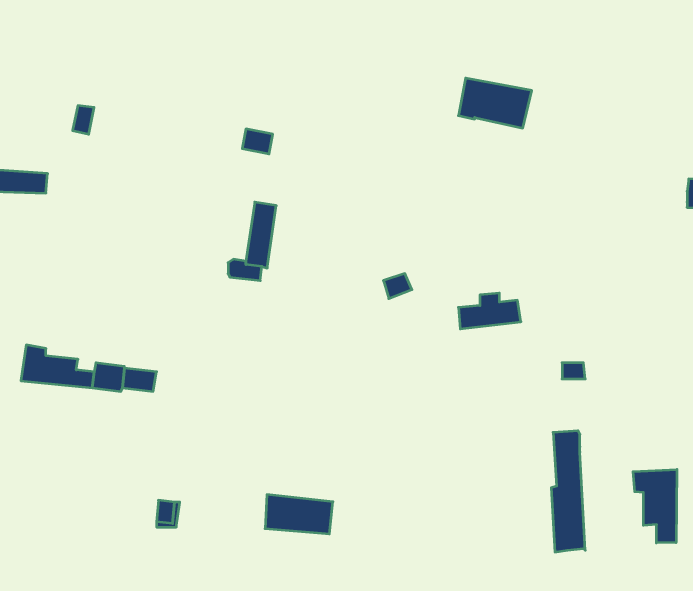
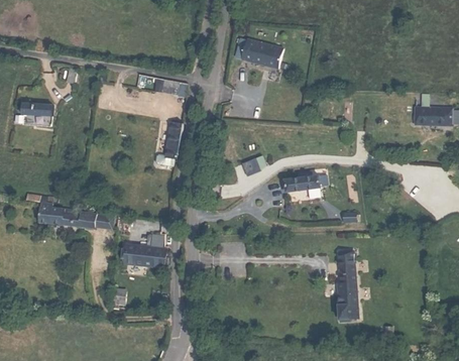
building: [458,78,532,128] -> [242,37,283,66]
building: [633,469,677,543] -> none
building: [265,495,333,534] -> [125,243,163,265]

